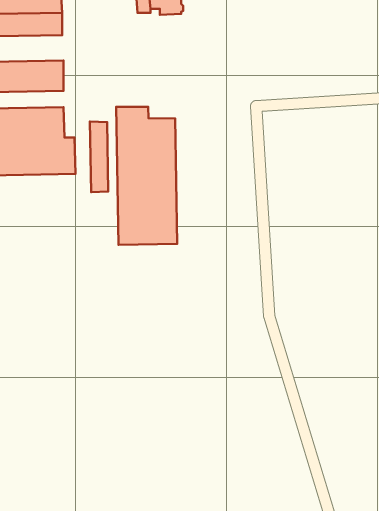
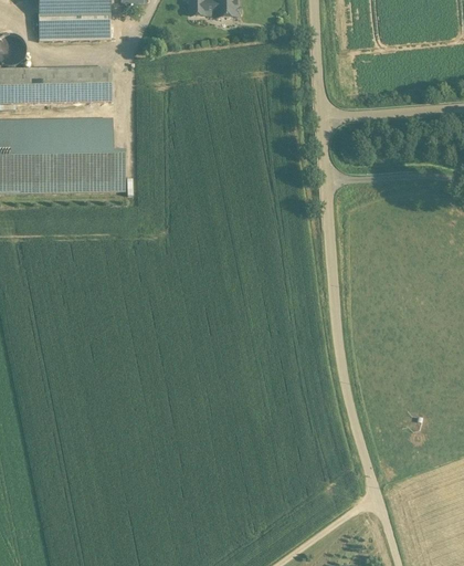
building: [116,107,177,245] -> none
building: [90,122,108,192] -> none

